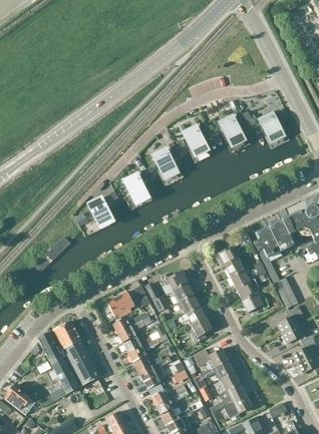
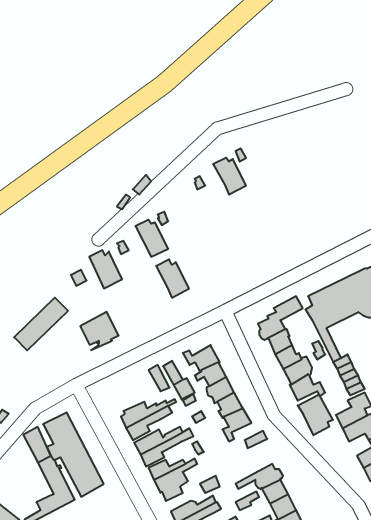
building: [259,112,285,140] -> none
building: [220,116,245,145] -> none
building: [153,149,179,178] -> [156,259,189,298]
building: [107,291,136,320] -> [80,312,119,350]
building: none -> [298,395,333,435]
building: [194,348,229,368] -> none

